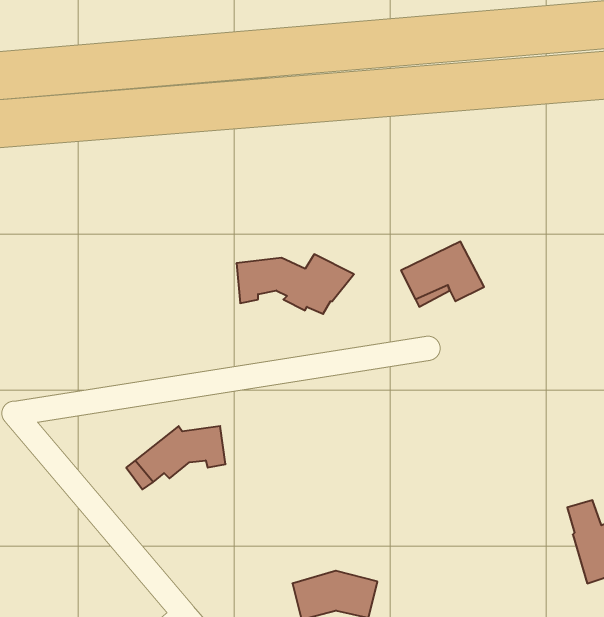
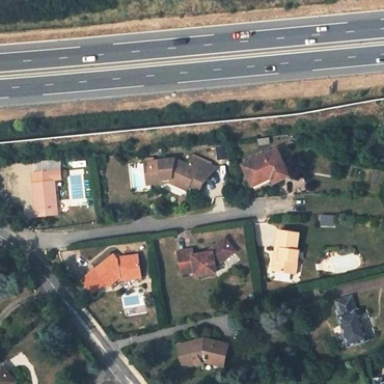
building: none -> [32,169,61,216]
building: none -> [272,229,300,274]
building: none -> [177,238,234,274]

